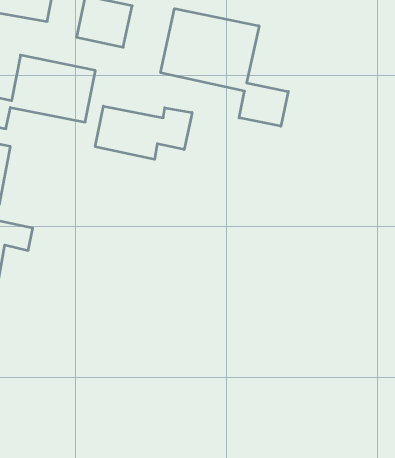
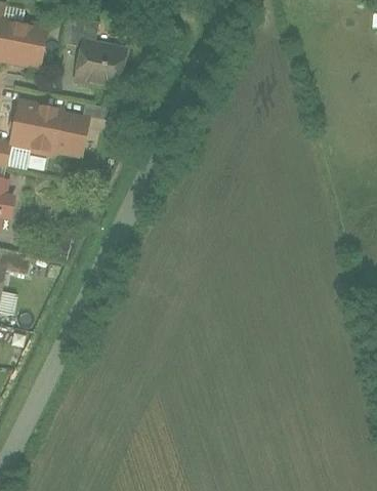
building: [161,9,288,126] -> none
building: [95,106,192,159] -> none

